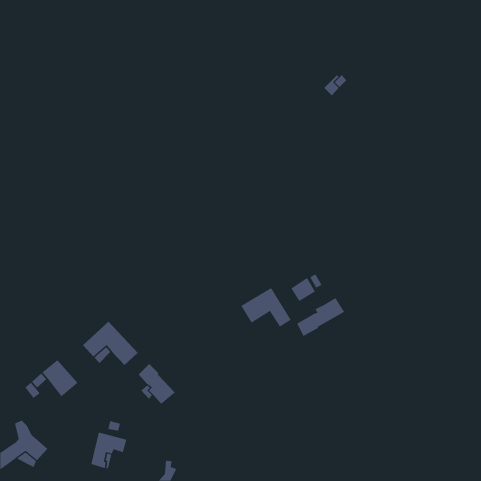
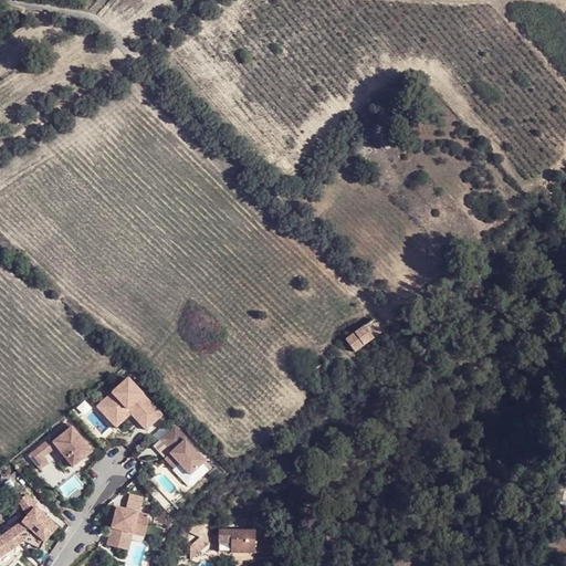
building: [241,287,291,327] -> none
building: [297,297,345,337] -> none
building: none -> [218,530,262,552]

